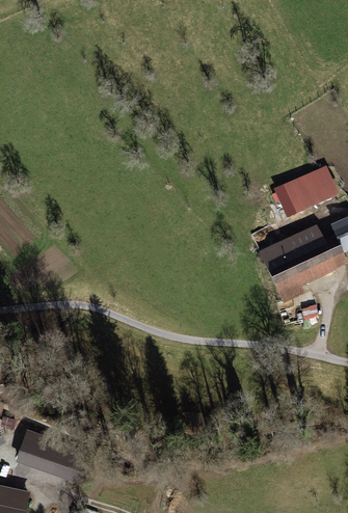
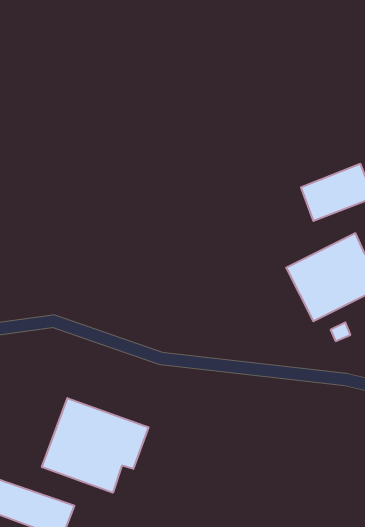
building: none -> [42,398,148,493]

